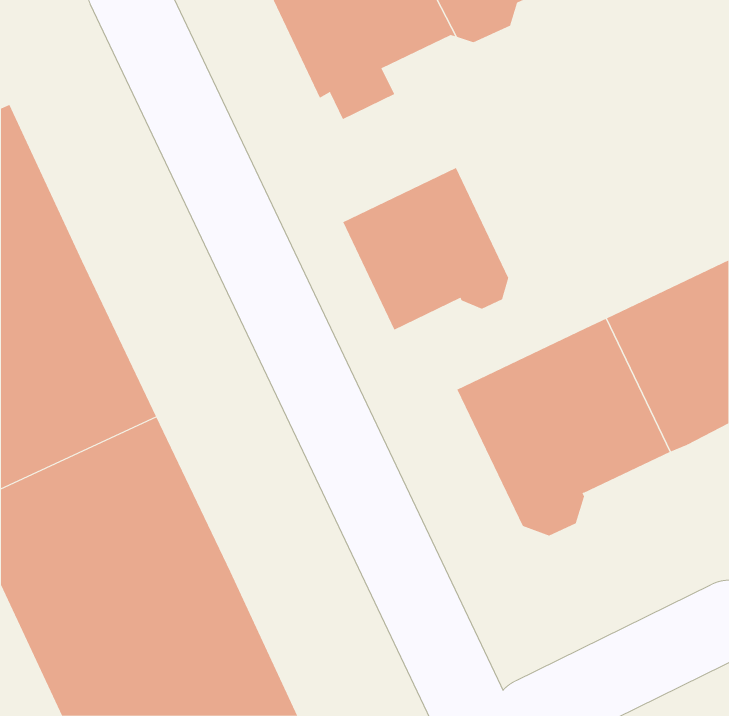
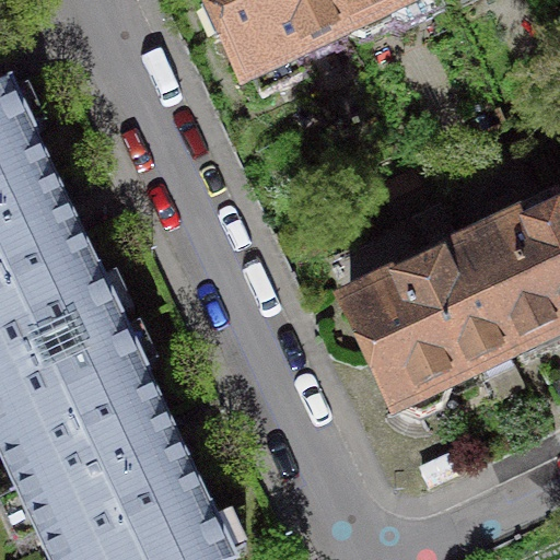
building: [342,167,509,330] -> none

